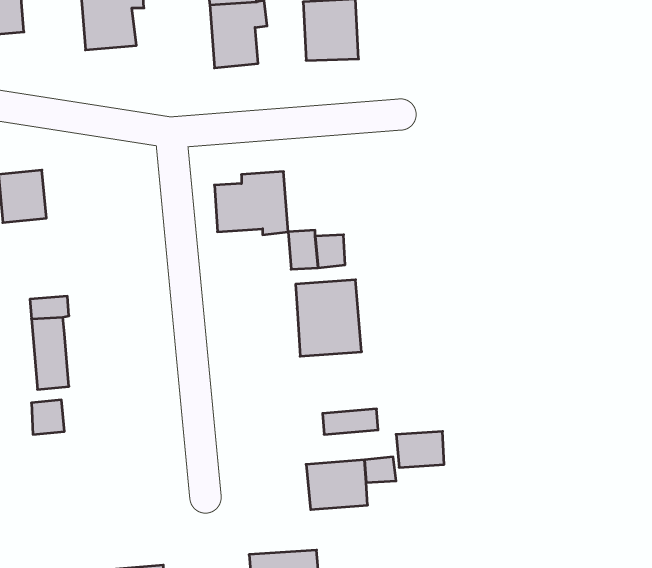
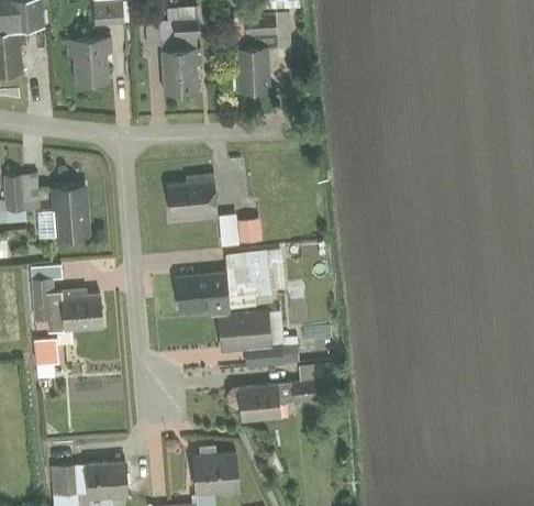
building: none -> [52,185,92,240]
building: none -> [170,274,227,314]
building: none -> [55,290,107,331]
building: none -> [219,312,281,349]

